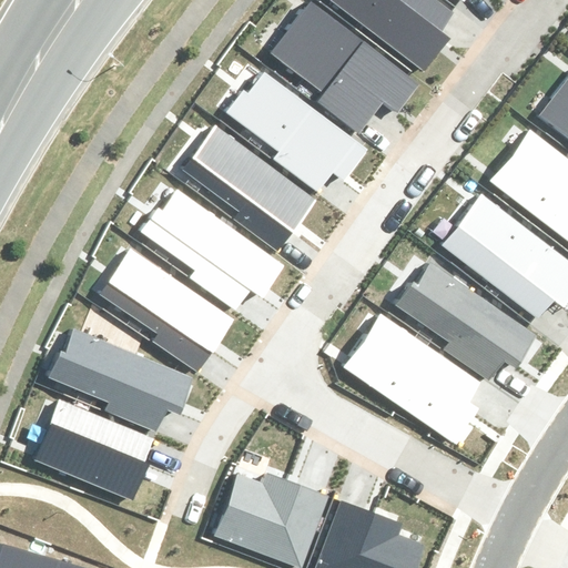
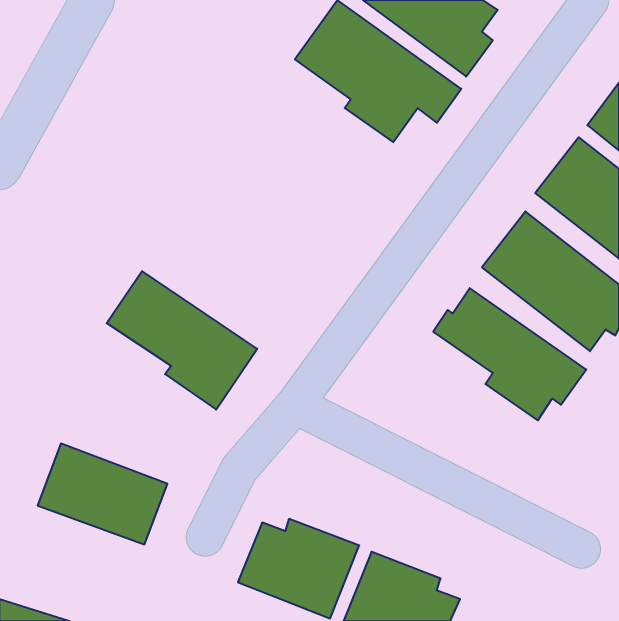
building: [226,67,371,184] -> none
building: [180,124,316,252] -> none
building: [139,190,283,306] -> none
building: [346,316,486,444] -> none
building: [48,327,197,429] -> none

